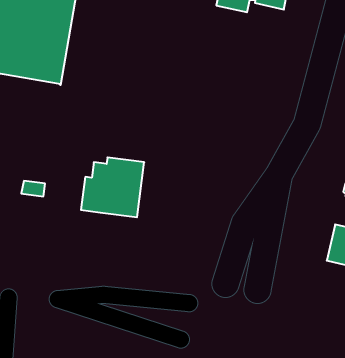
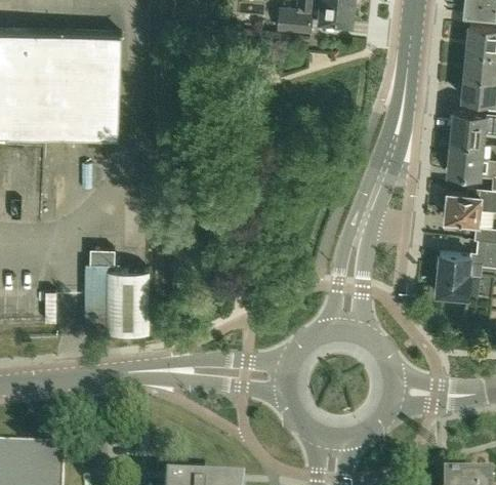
building: [81,157,144,217] -> [85,272,148,333]

